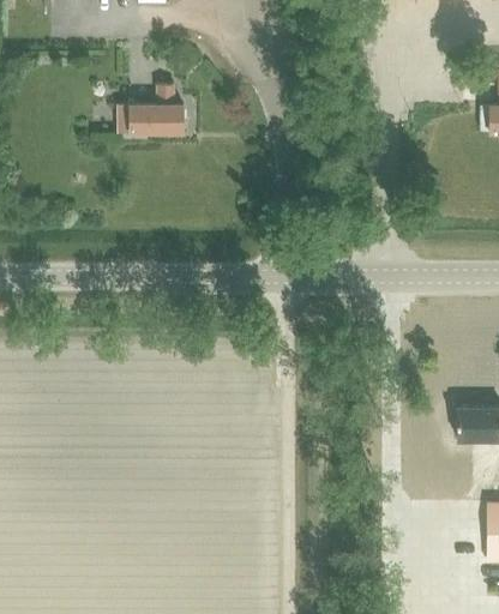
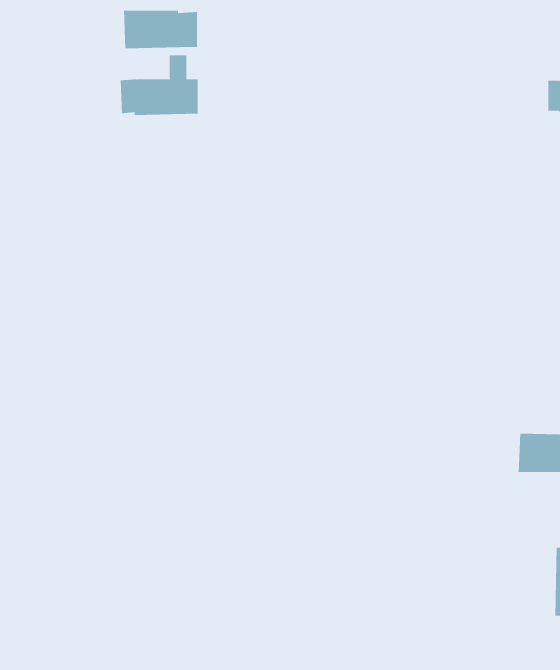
building: none -> [123,10,198,49]

